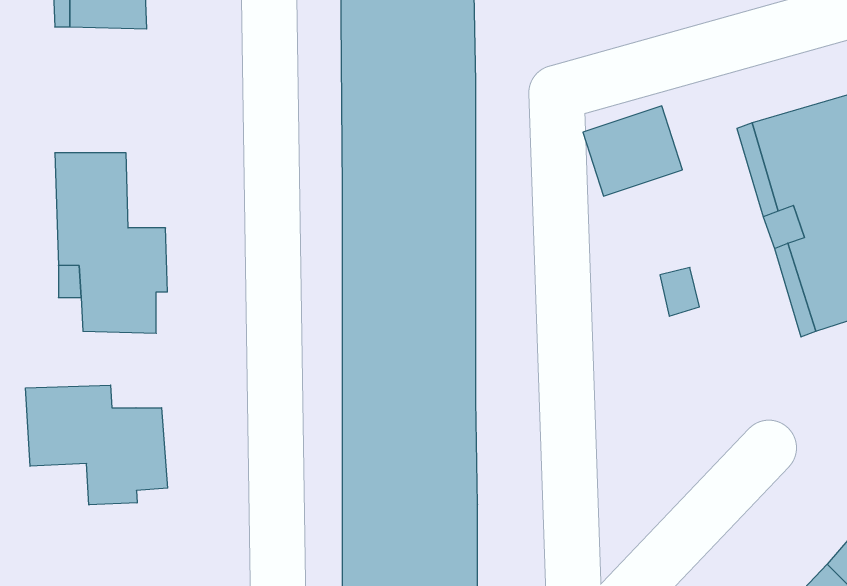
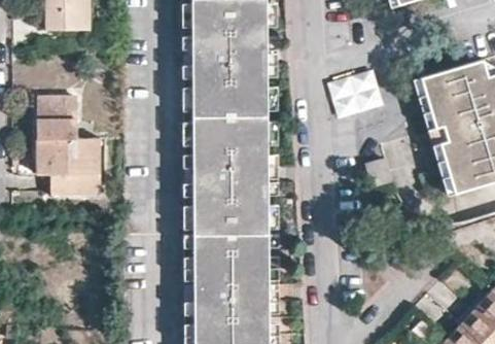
building: [26,385,168,505] -> none

